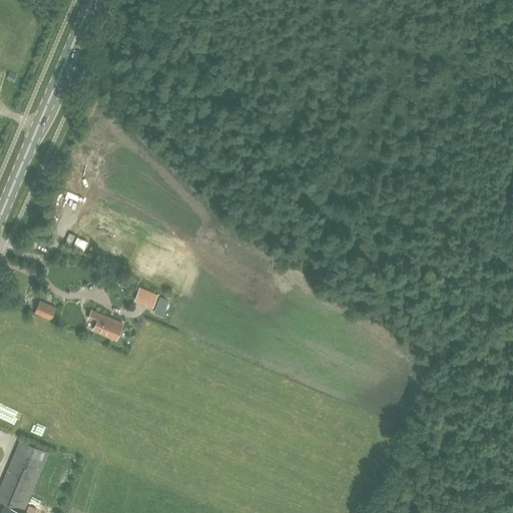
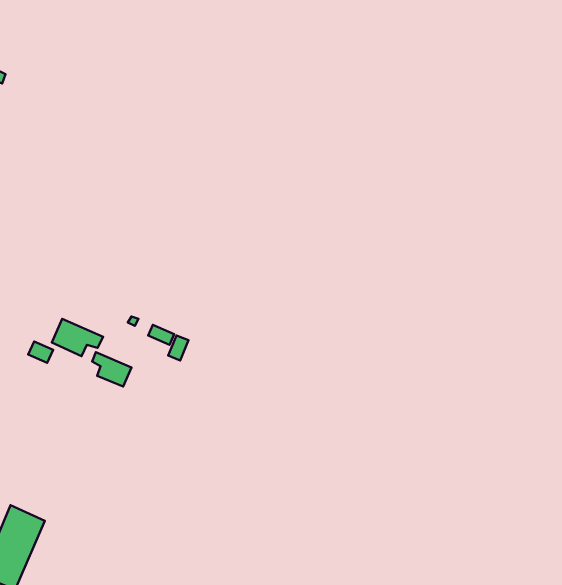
building: none -> [52,319,103,356]

